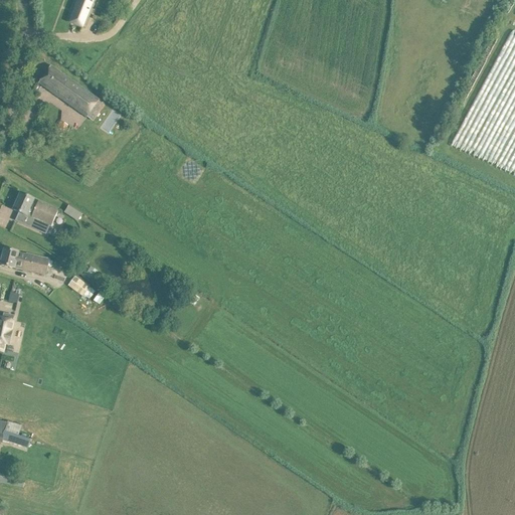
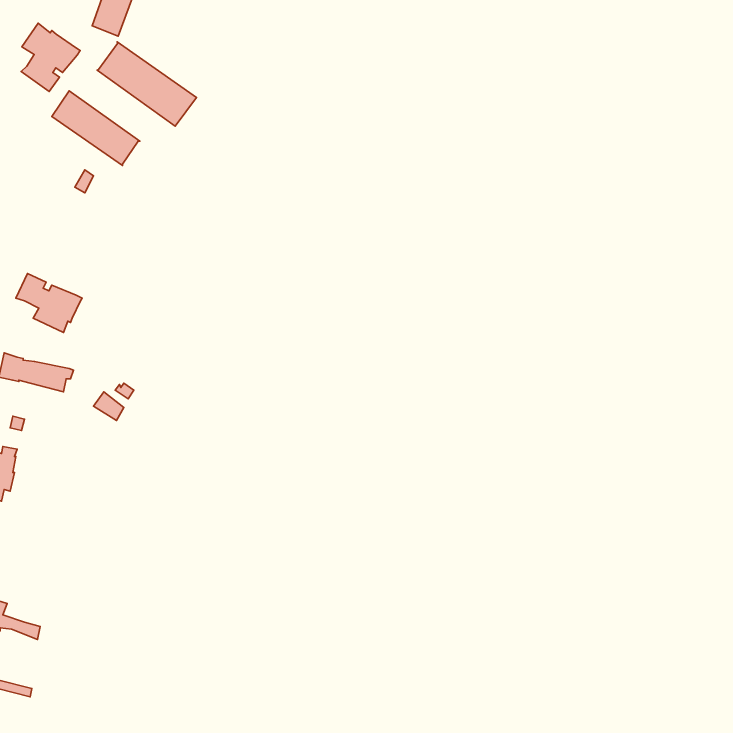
building: none -> [21,23,80,92]
building: none -> [97,42,197,126]

